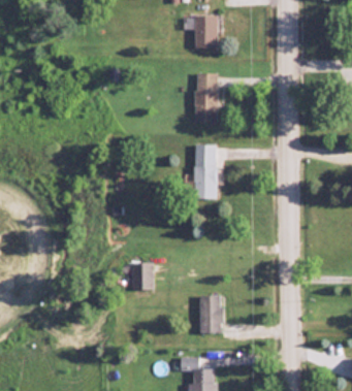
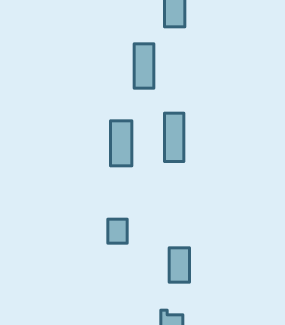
building: [196,73,218,123] -> [134,44,154,88]
building: none -> [111,121,132,166]

